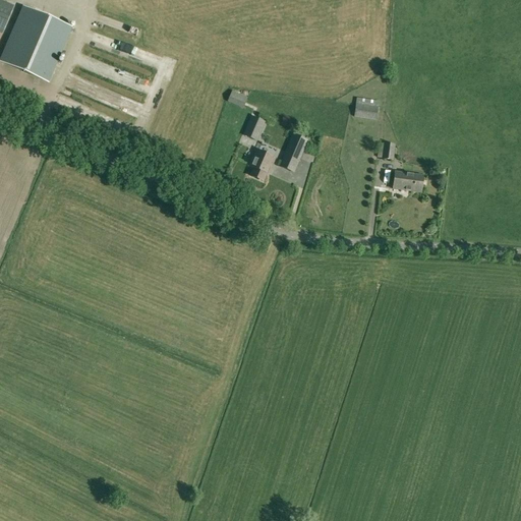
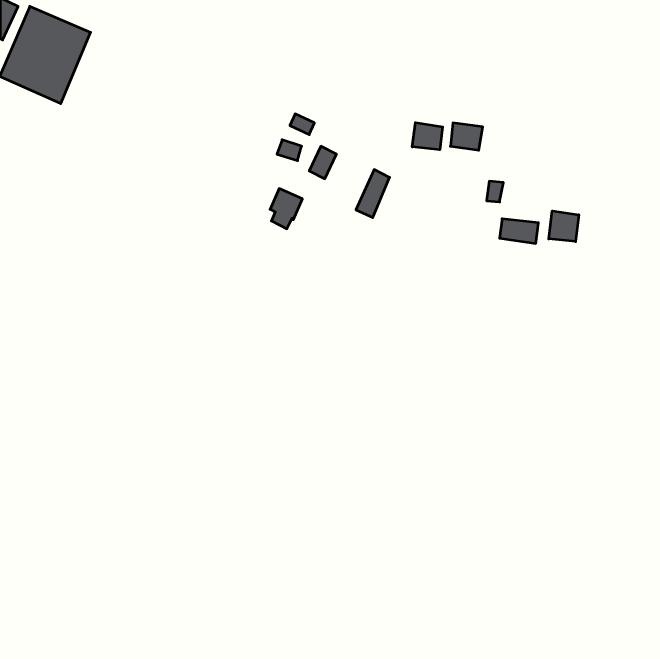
building: none -> [412,123,443,150]
building: [250,149,276,180] -> [270,189,302,229]
building: none -> [549,211,579,242]

